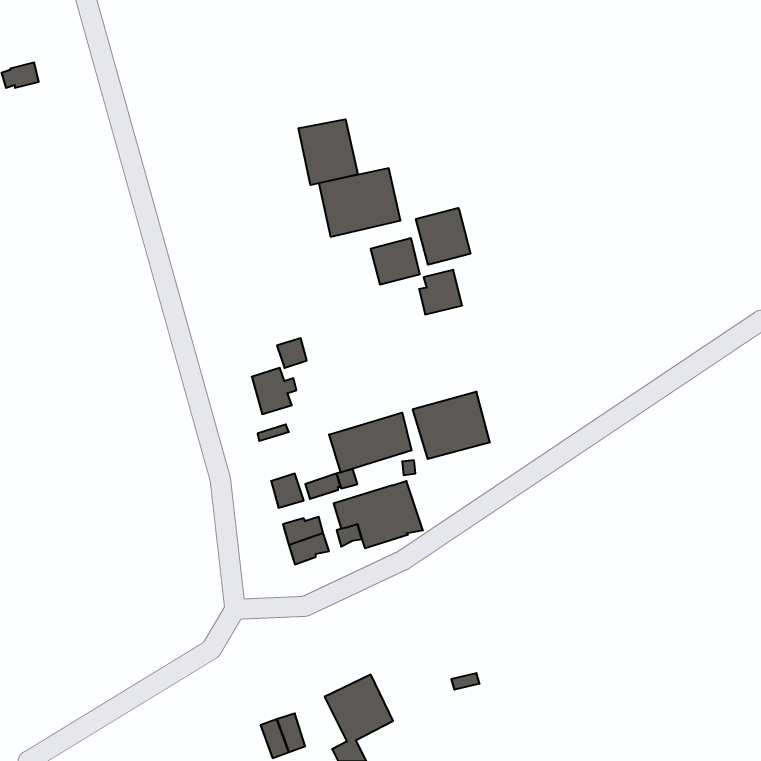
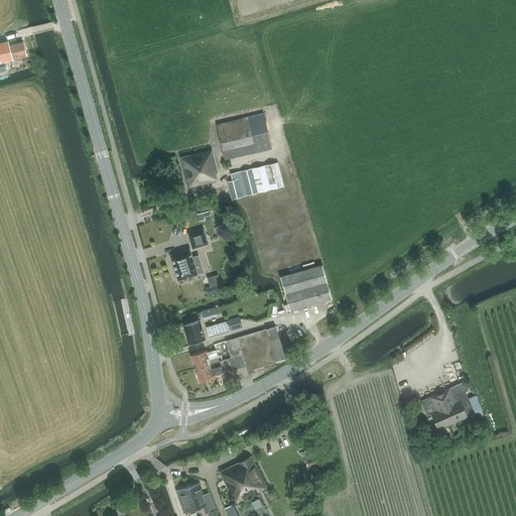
building: [299,119,358,185] -> none
building: [416,208,470,265] -> none
building: none -> [180,150,217,188]
building: [419,270,462,314] -> [228,168,257,199]
building: [329,413,412,472] -> none
building: none -> [422,389,475,428]

